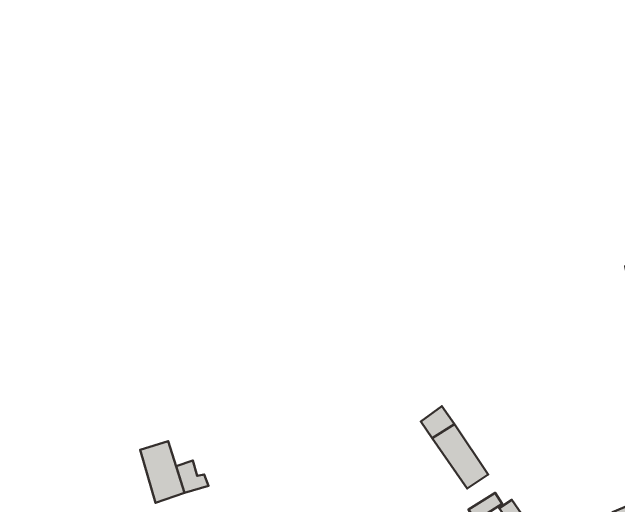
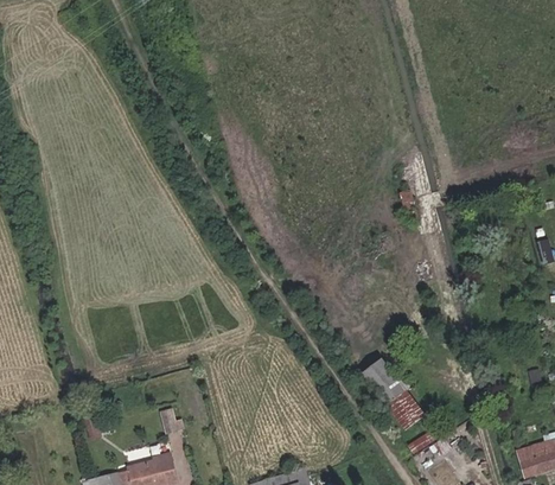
building: [140,441,185,503] -> none

